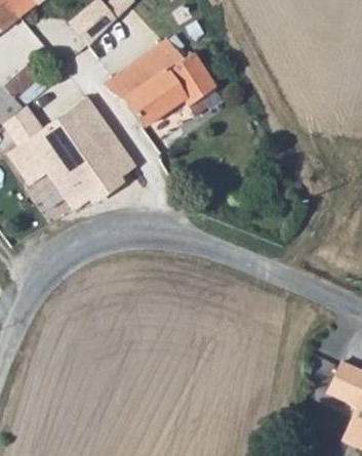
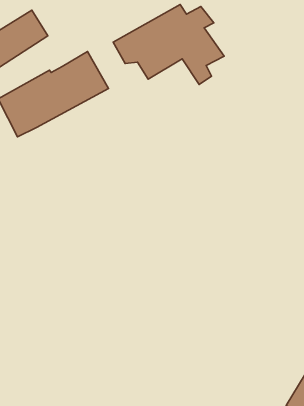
building: [54,128,140,205] -> none

